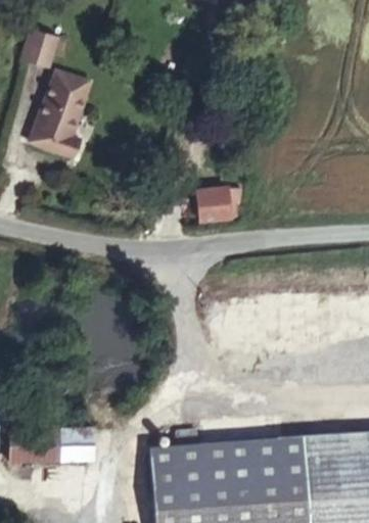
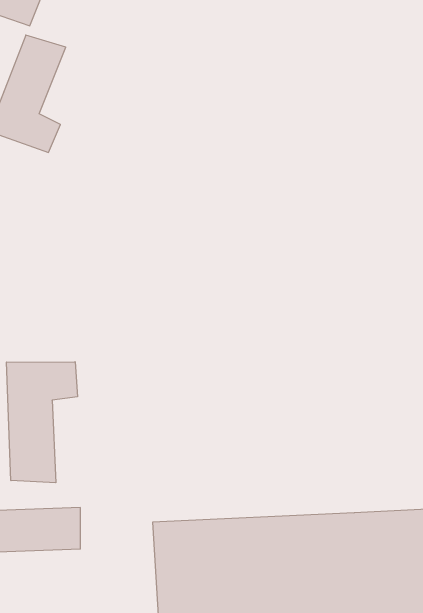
building: [194,184,242,223] -> none
building: none -> [7,362,77,483]

